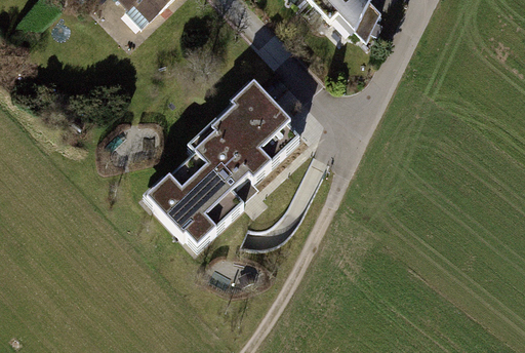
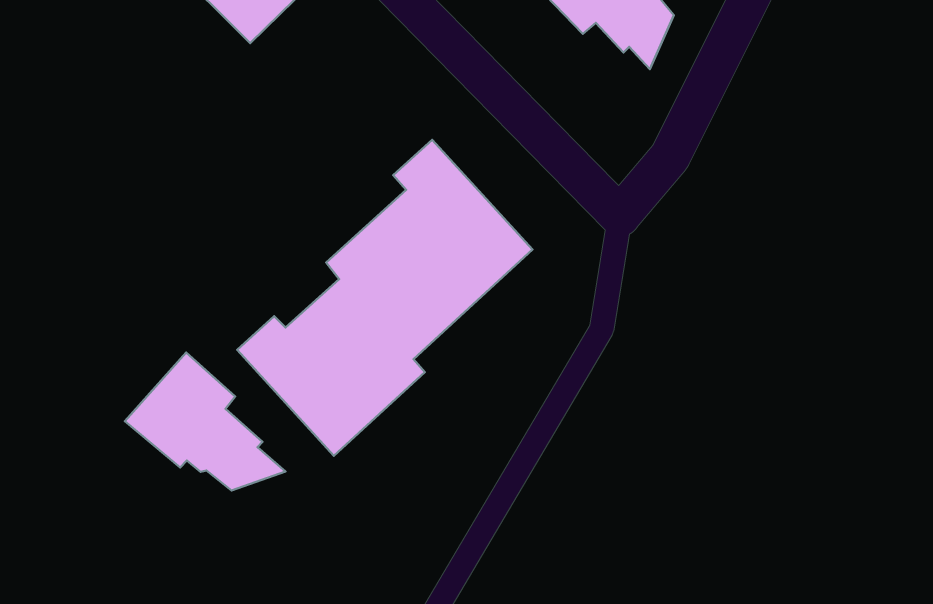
building: none -> [125,353,285,491]

